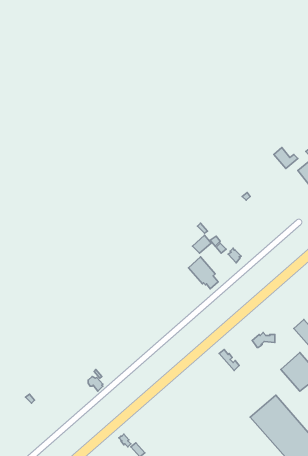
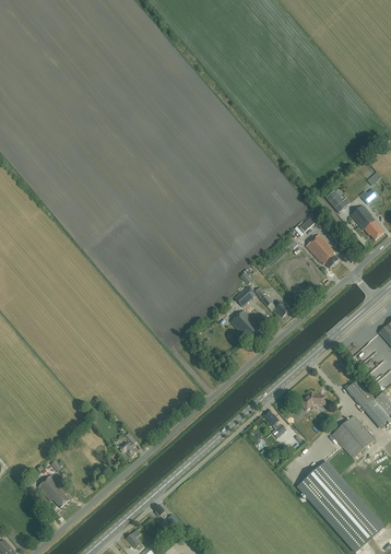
building: none -> [305,233,337,267]
building: none -> [37,474,69,507]

